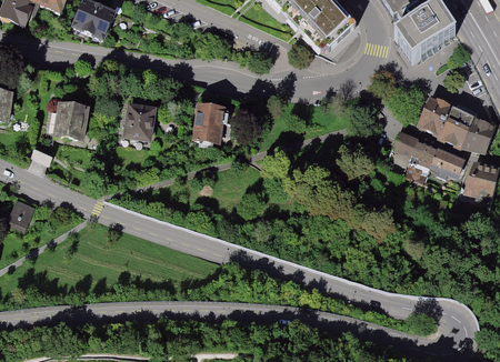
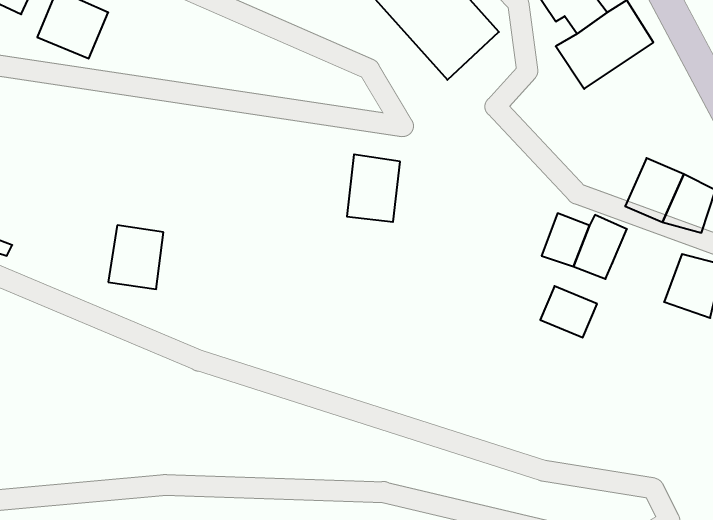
building: [417,95,450,134] -> none
building: [52,99,90,138] -> none
building: [192,99,226,141] -> [347,154,400,222]
building: [121,101,156,141] -> [108,225,163,289]
building: [429,149,464,181] -> [540,286,597,338]

